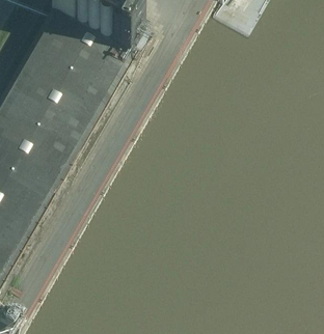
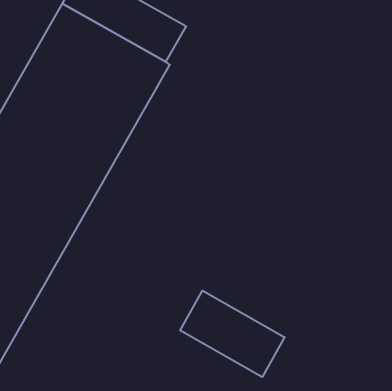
building: none -> [180,291,285,377]

